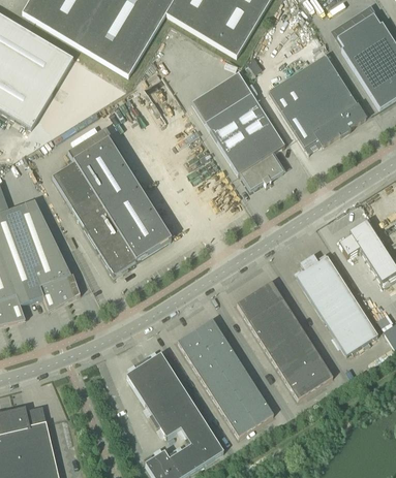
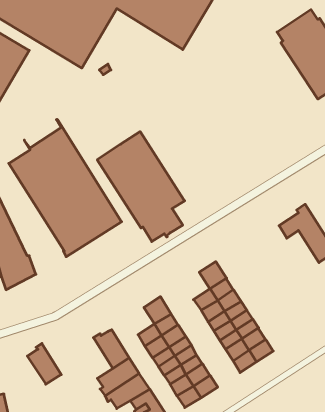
building: [268,53,365,147] -> none
building: [191,71,284,188] -> [97,132,185,242]
building: [295,253,376,354] -> none
building: [236,291,265,320] -> none
building: [177,328,206,357] -> none
building: [125,360,161,404] -> [27,343,61,384]

